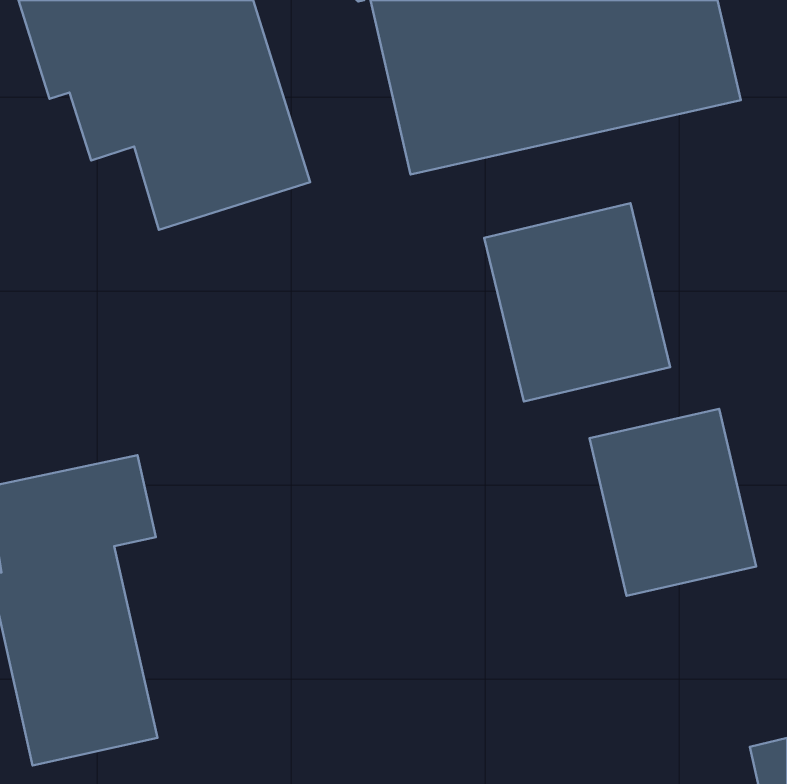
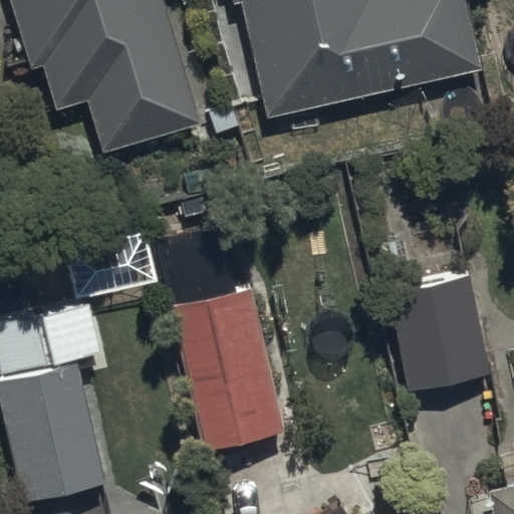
building: [484,203,670,402] -> none
building: none -> [173,288,286,449]

